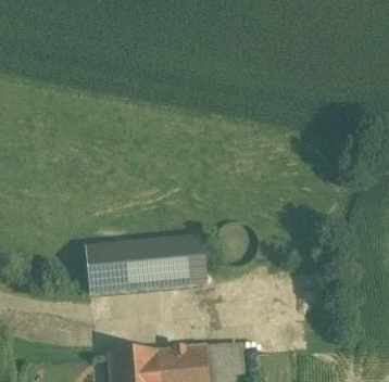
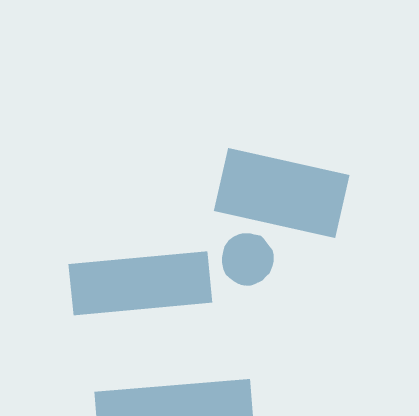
building: none -> [213,147,350,239]

